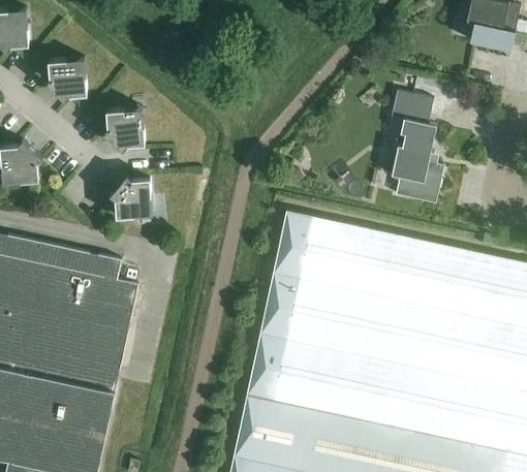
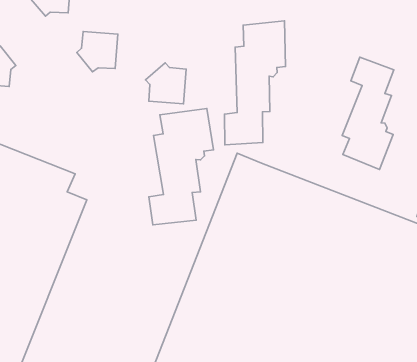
building: none -> [224,21,285,145]
building: none -> [149,108,213,225]
building: [109,176,152,218] -> [145,63,186,104]

